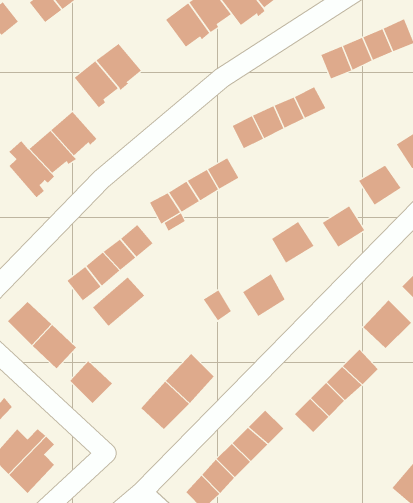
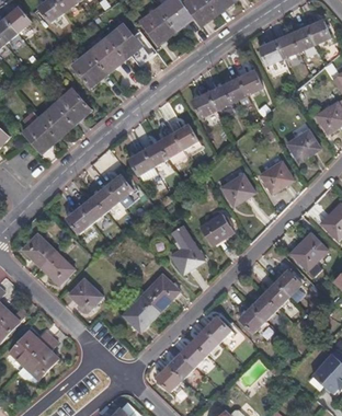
building: none -> [106,24,140,60]
building: [92,277,145,327] -> none
building: none -> [171,241,204,274]

